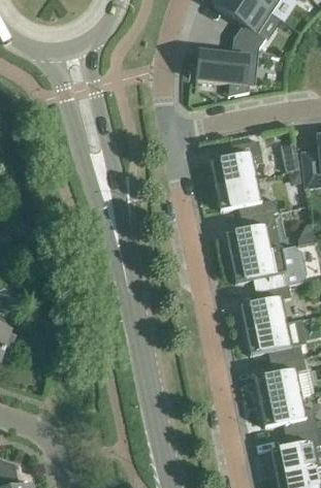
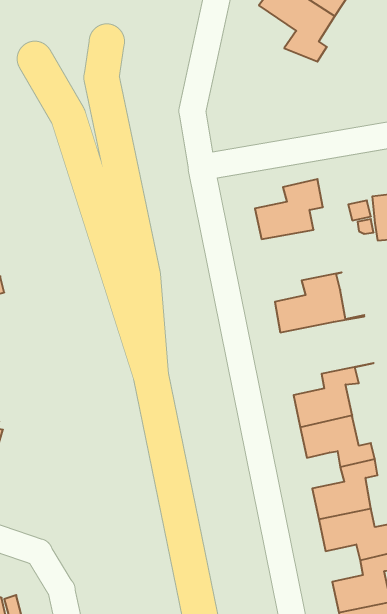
building: [195,38,258,86] -> none
building: [215,178,277,218] -> none
building: [229,246,306,290] -> none

